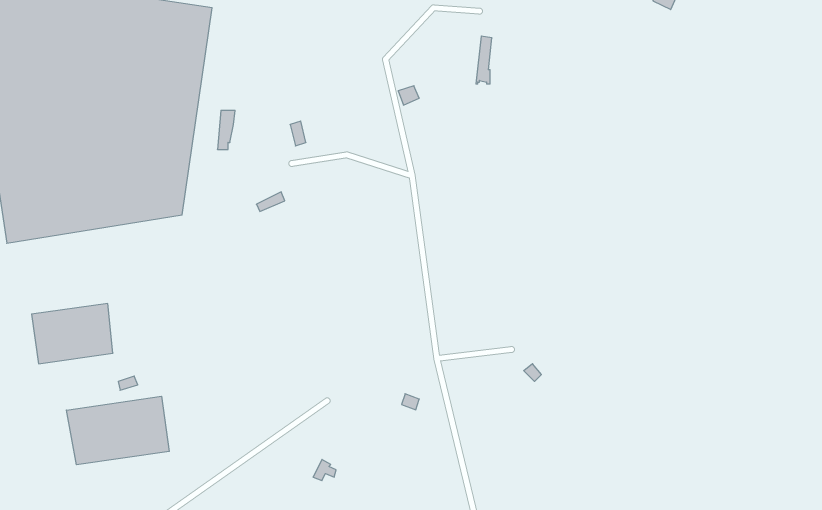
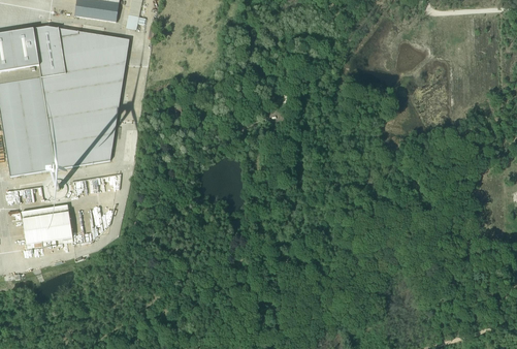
building: [66,396,169,465] -> none

